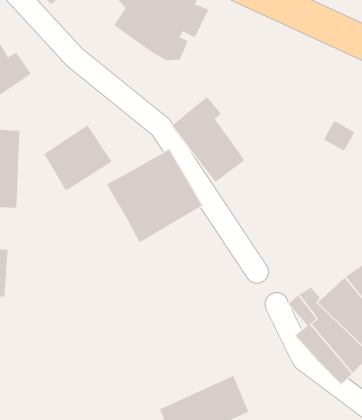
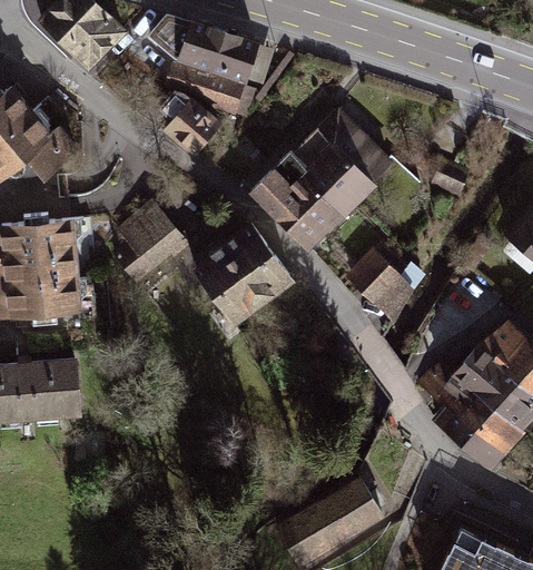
building: none -> [162,96,223,158]
building: none -> [287,108,392,222]
building: none -> [345,249,422,323]

